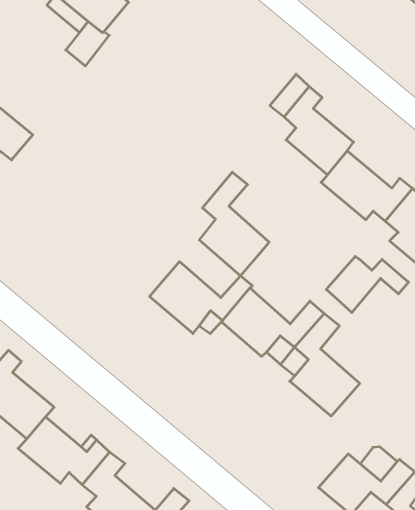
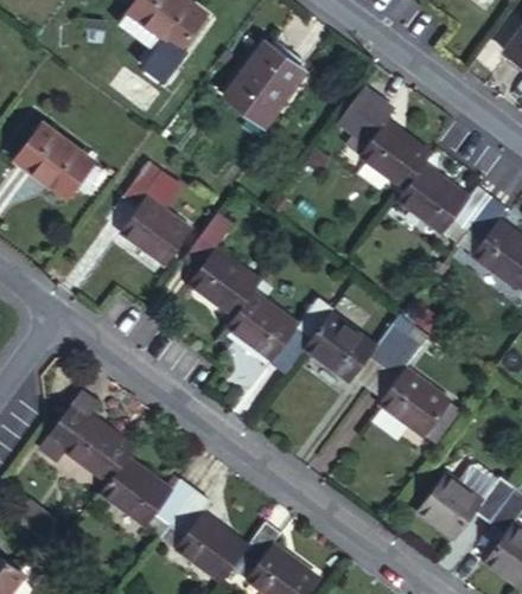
building: none -> [241,44,312,121]
building: none -> [106,161,192,264]
building: [199,172,269,276] -> [190,210,262,317]
building: [326,256,409,313] -> none

